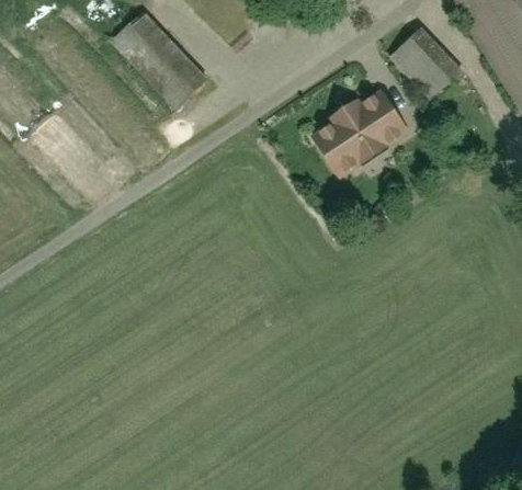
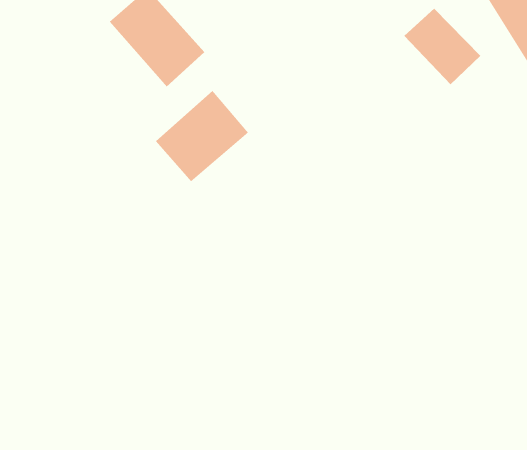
building: [313,84,415,174] -> none
building: none -> [155,90,249,182]

